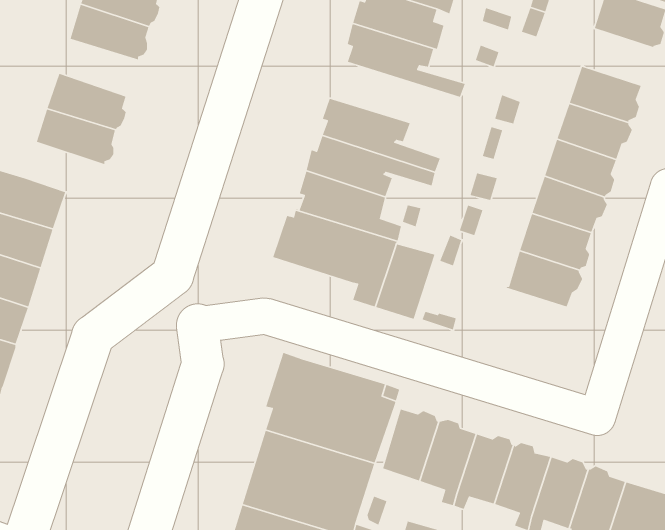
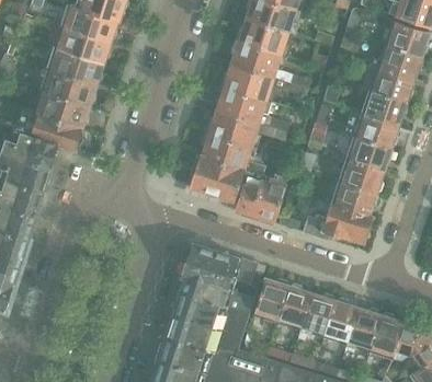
building: none -> [370,44,423,79]
building: none -> [54,50,103,85]
building: none -> [220,65,306,102]
building: none -> [33,114,82,150]
building: none -> [302,204,372,244]

